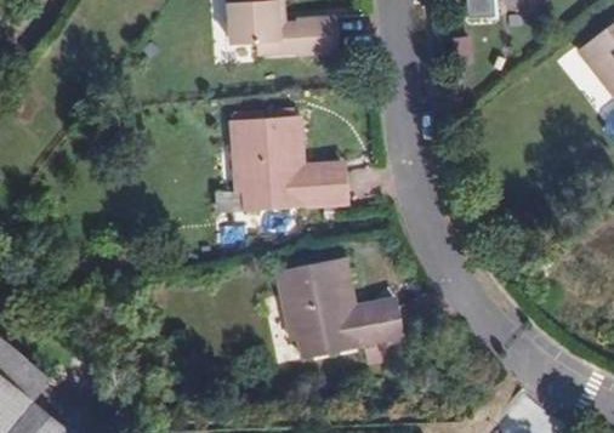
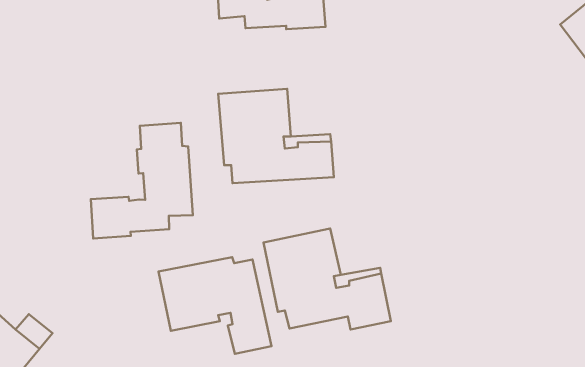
building: none -> [91,123,193,238]
building: none -> [159,257,271,354]

